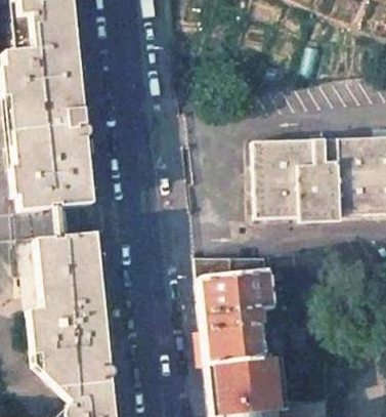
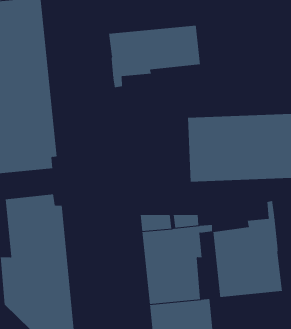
building: none -> [109,25,200,88]
building: none -> [213,200,282,298]

